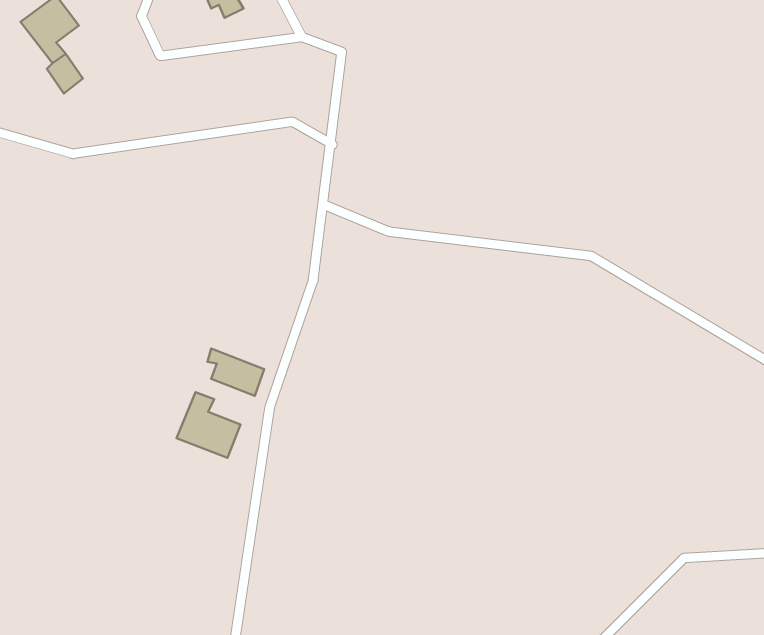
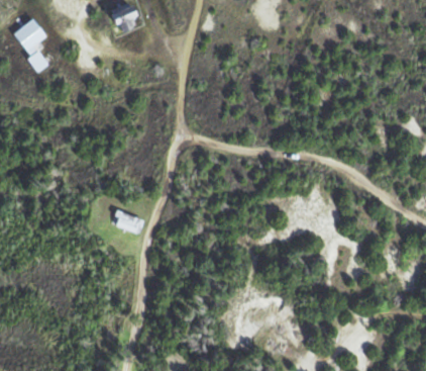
building: [176,392,240,458] -> none

